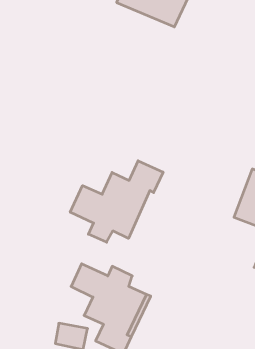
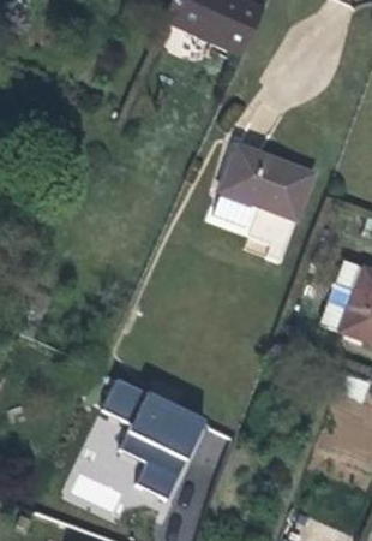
building: none -> [217,148,313,224]
building: [70,161,163,242] -> none

